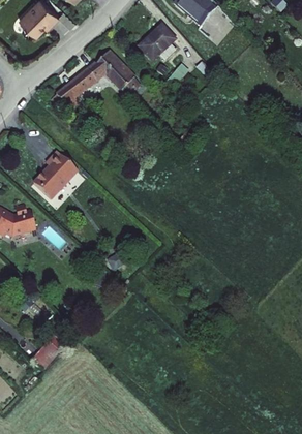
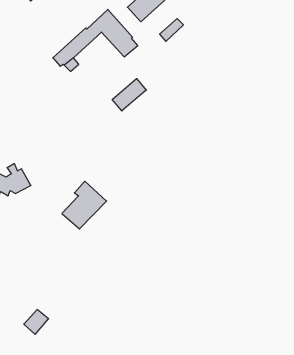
building: none -> [112,79,146,111]
building: [37,149,82,196] -> [62,181,107,229]

